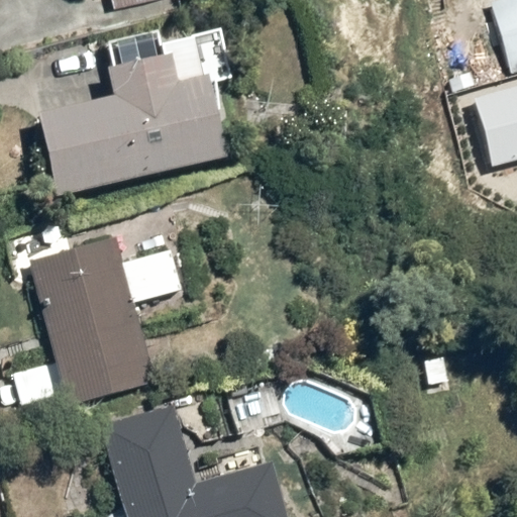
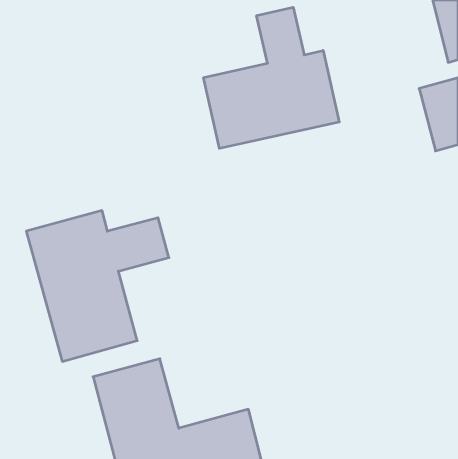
building: none -> [204,7,339,148]
building: [40,27,228,193] -> none

